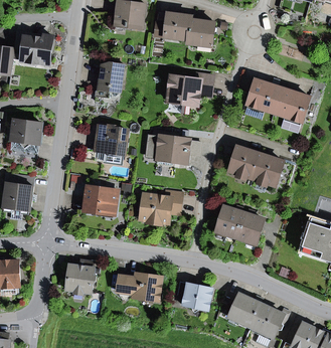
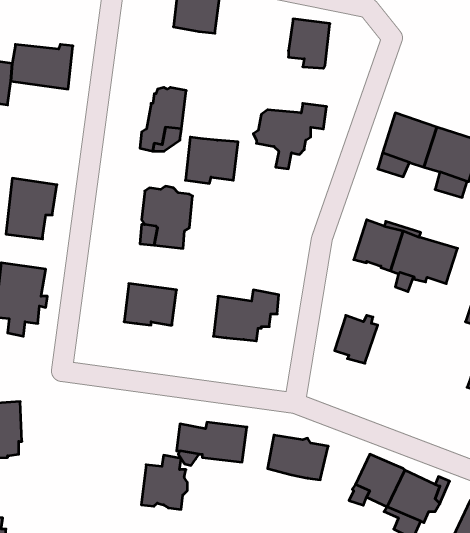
building: [155,12,190,39] -> none
building: [156,136,189,165] -> [185,137,238,183]
building: [235,209,263,241] -> none
building: [65,258,95,293] -> [141,455,187,509]

